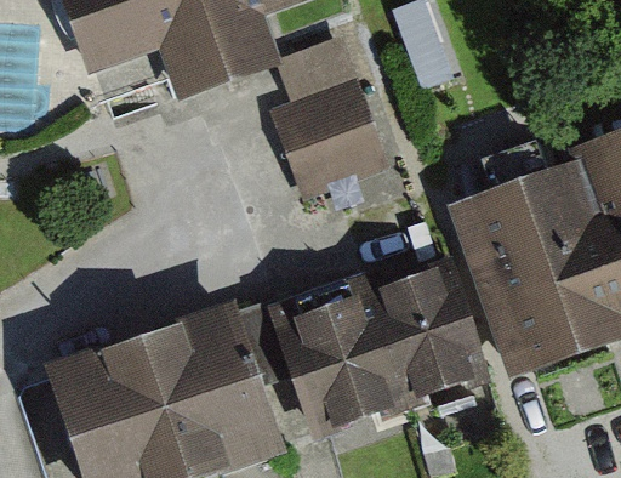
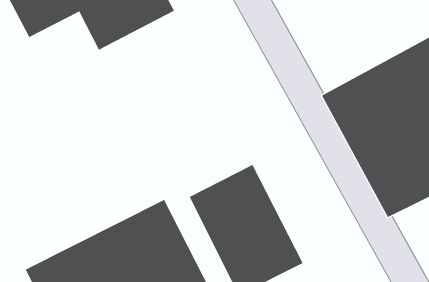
building: [269,69,392,193] -> none
building: [354,244,490,411] -> none

